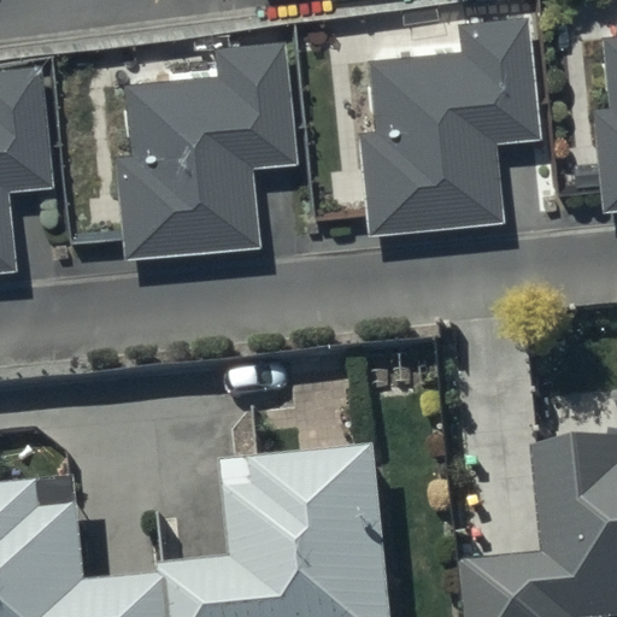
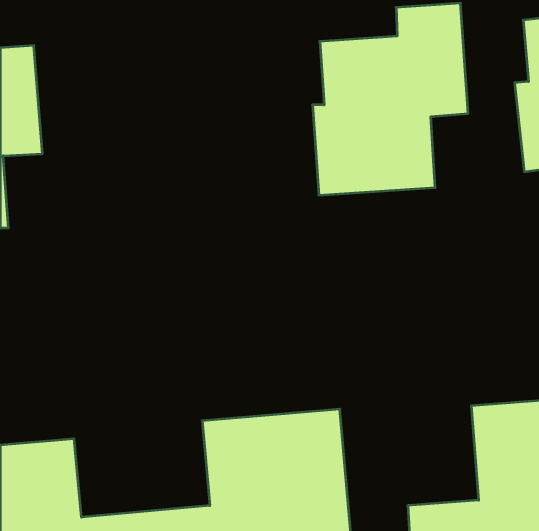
building: [116,37,293,257] -> none

